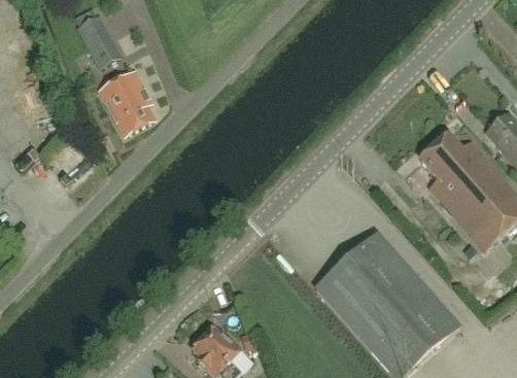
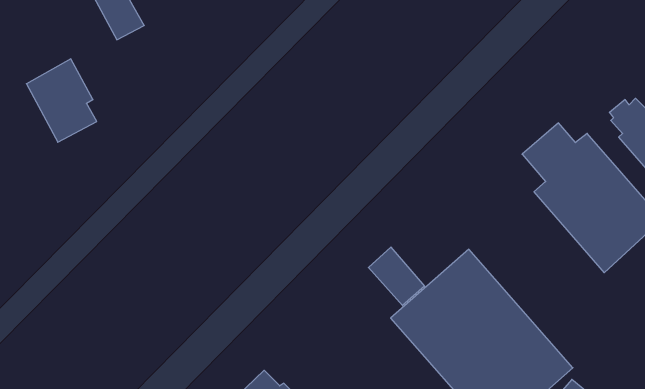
building: [98,69,153,135] -> [26,59,97,142]
building: none -> [368,247,425,306]

